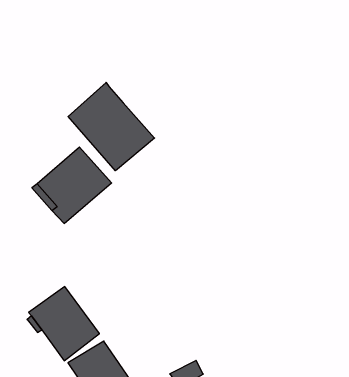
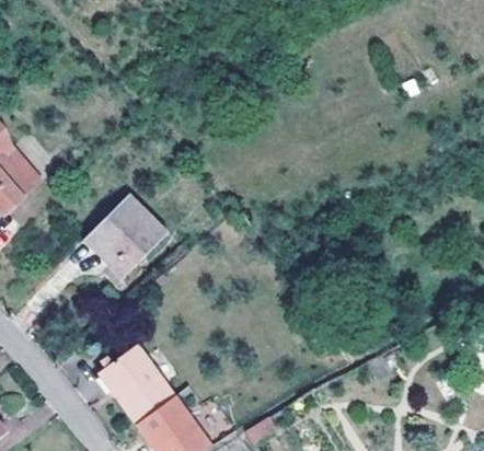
building: [68,82,155,171] -> none

